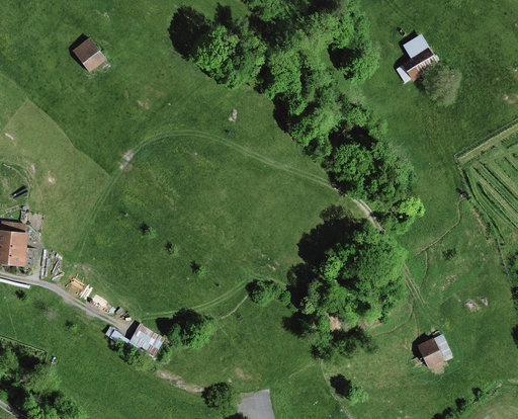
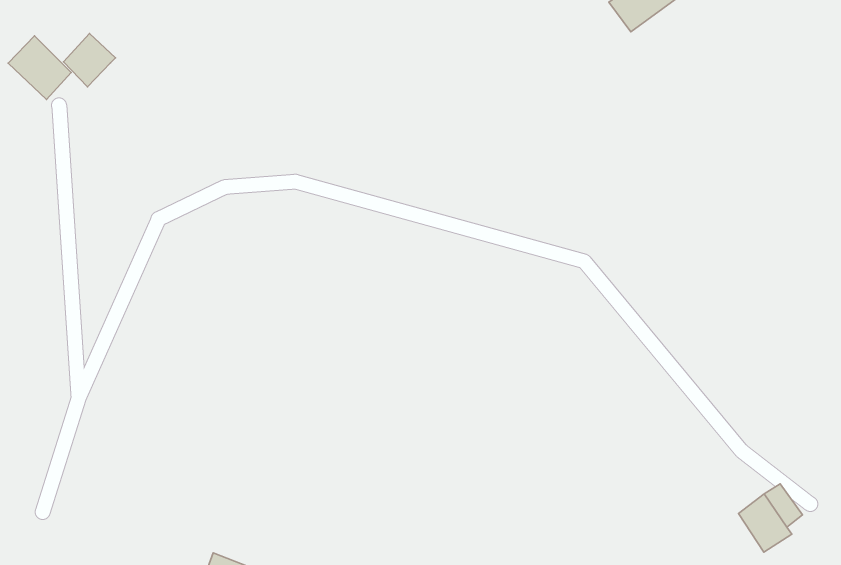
building: none -> [64,34,116,87]

